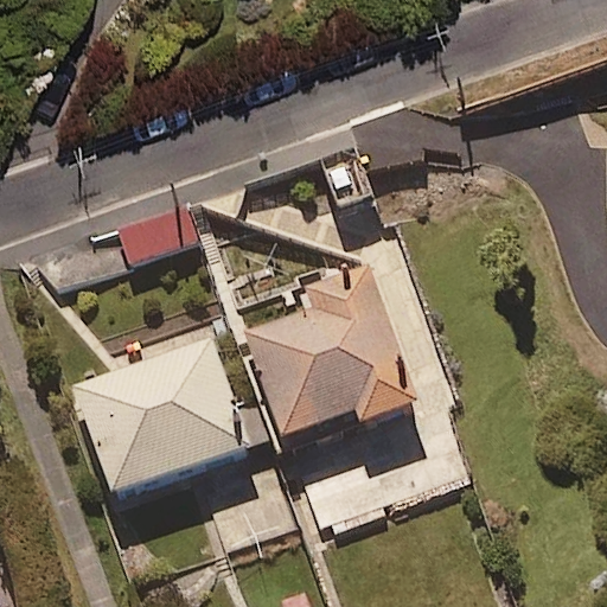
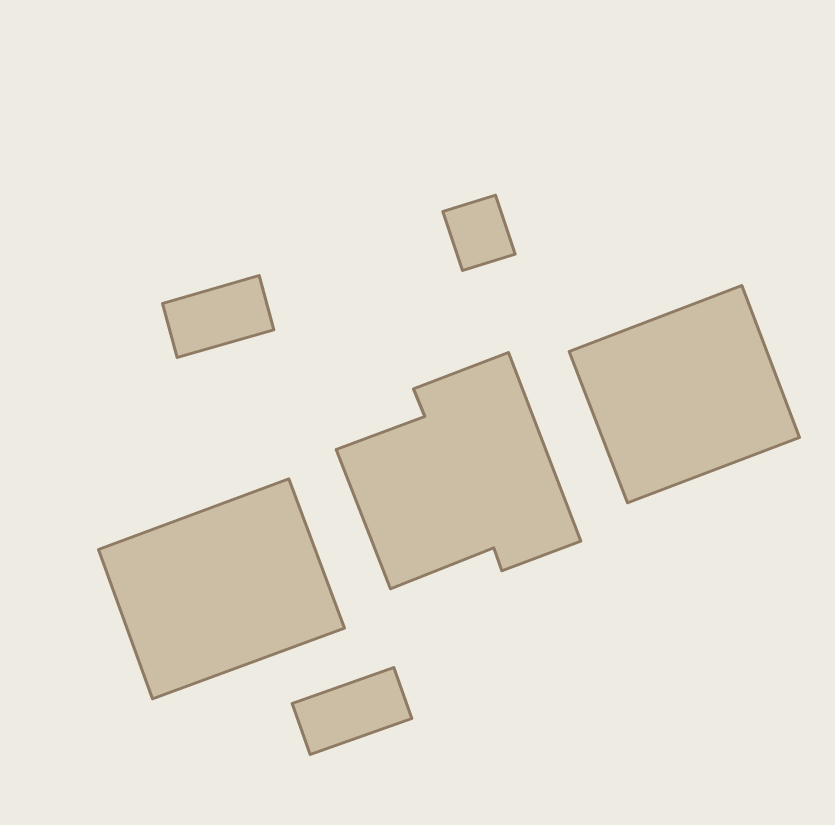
building: none -> [569,285,799,503]

